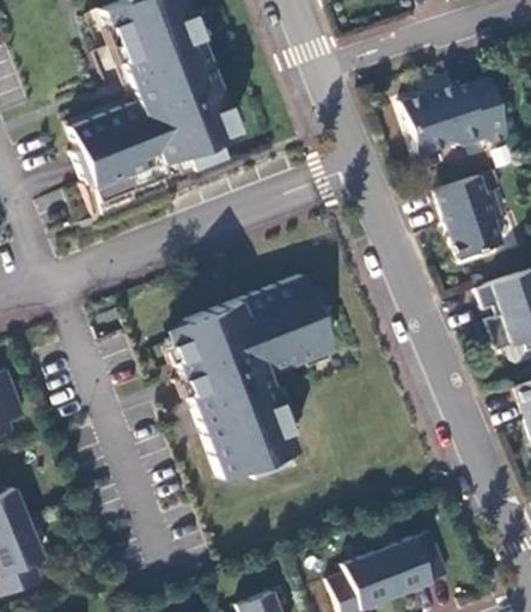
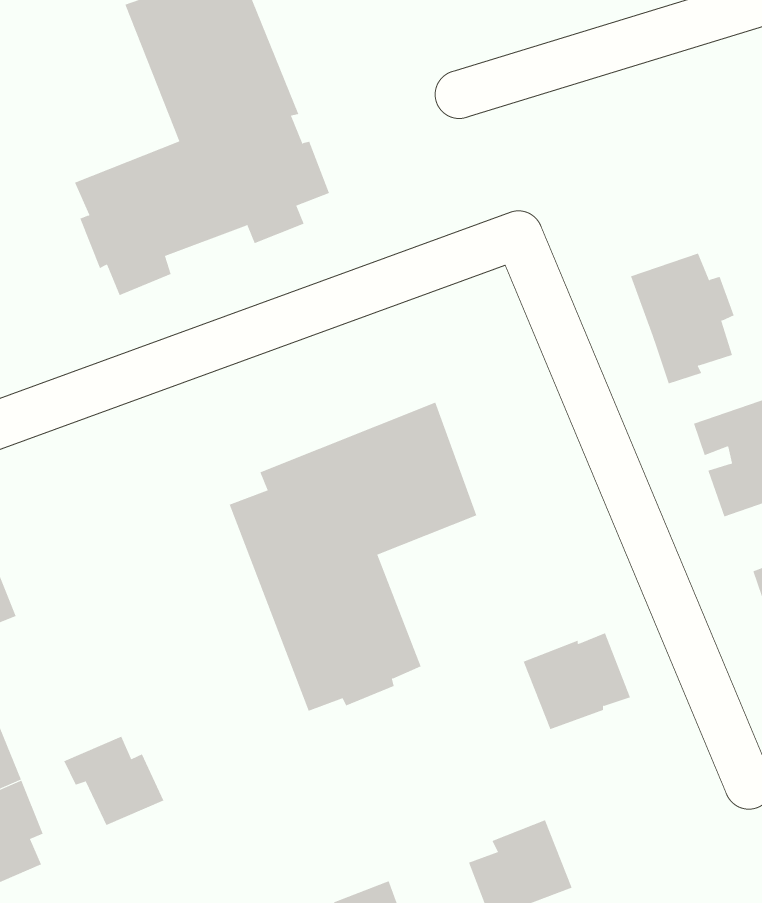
building: [401,76,511,152] -> none
building: none -> [63,736,164,826]
building: [379,531,451,595] -> [523,633,631,730]

